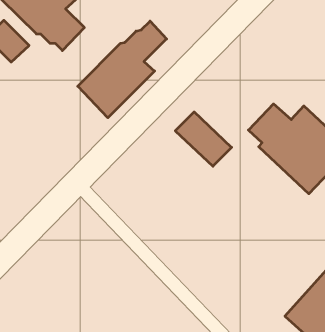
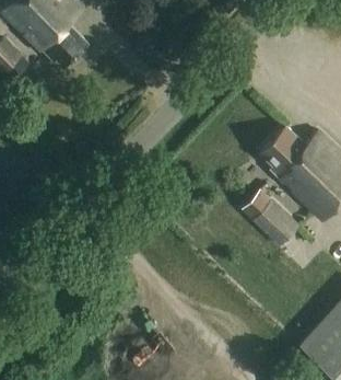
building: [78,21,167,118] -> none
building: [175,112,232,166] -> [240,192,299,249]

